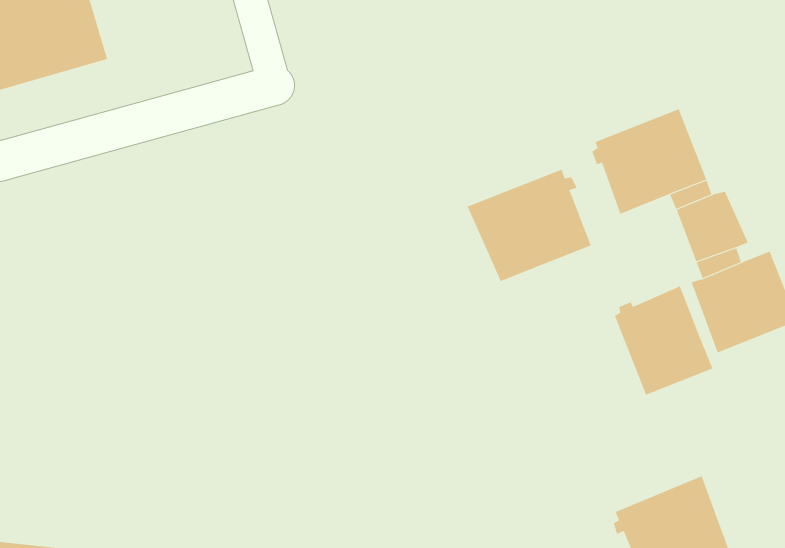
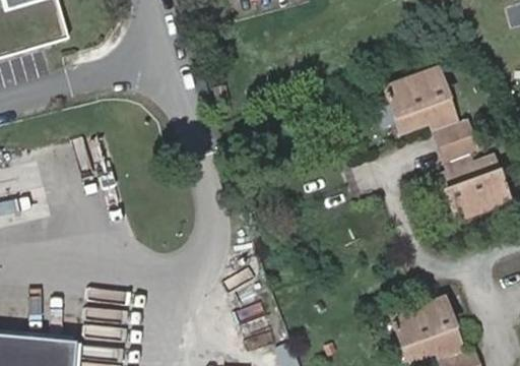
building: [467,169,592,282] -> none
building: [614,285,713,395] -> none

